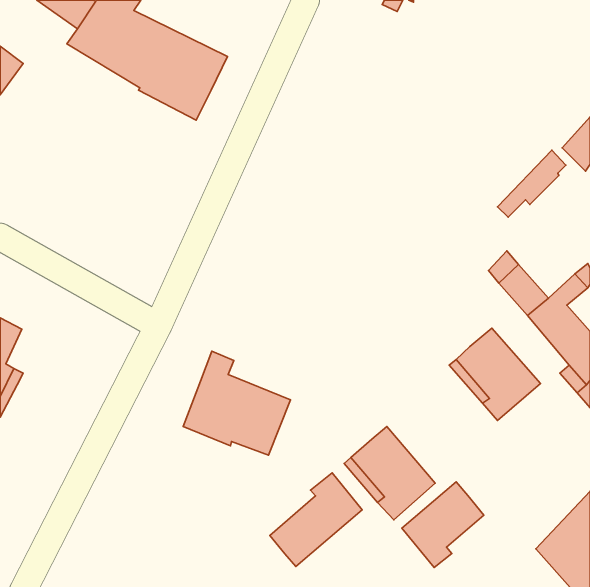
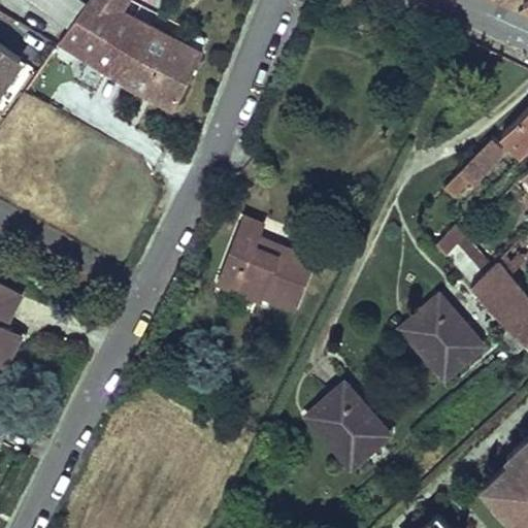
building: [183,351,290,455] -> [219,218,315,310]
building: [270,473,362,567] -> none
building: [402,482,484,567] -> none

